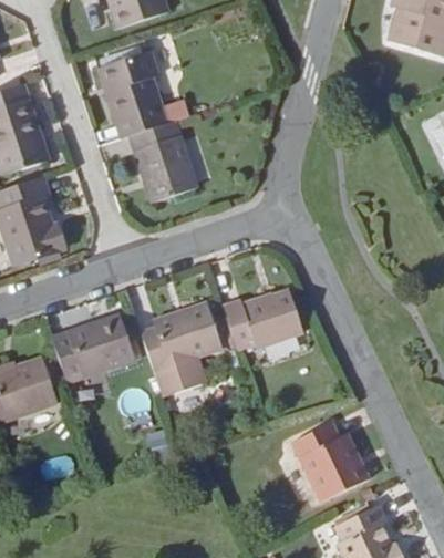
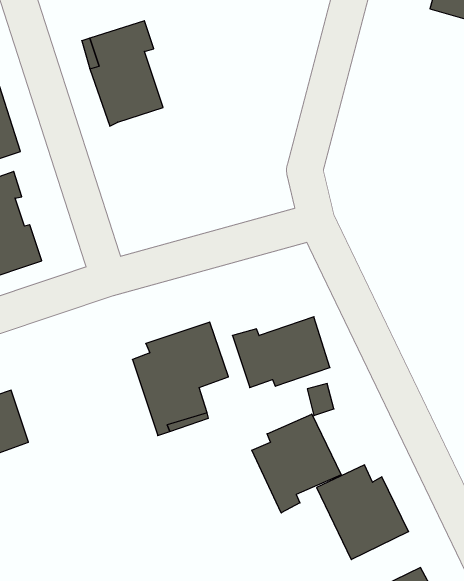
building: [128,120,196,202] -> none
building: [54,320,137,389] -> none
building: none -> [252,414,341,513]

